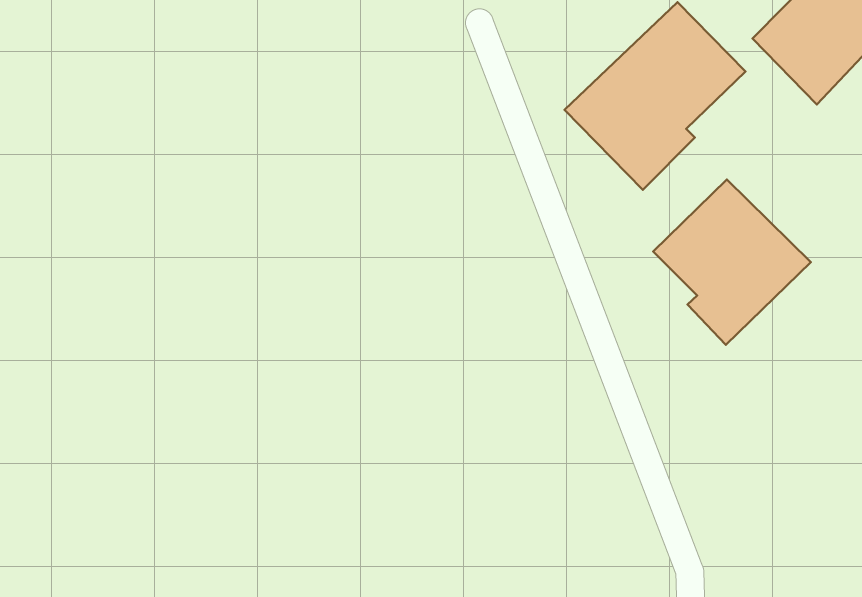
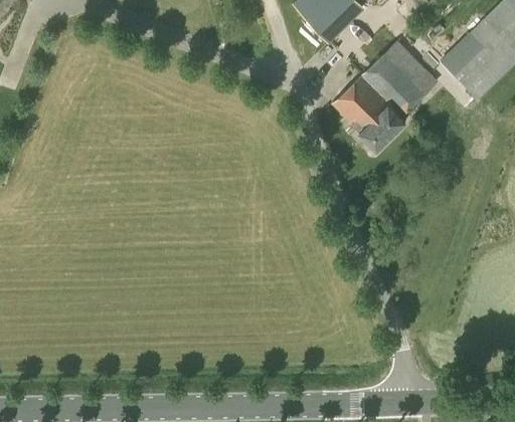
building: [653,179,811,345] -> none

